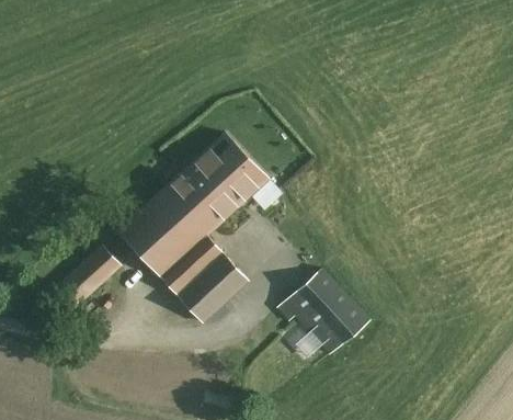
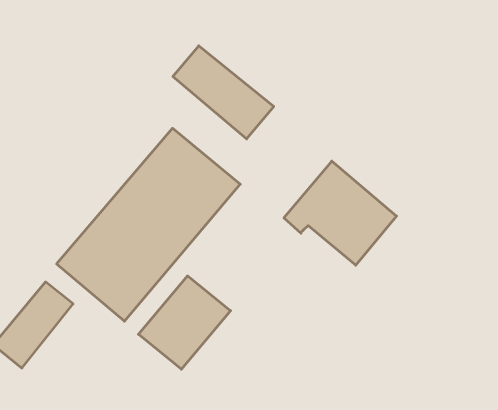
building: none -> [173,46,274,139]
building: [275,266,366,353] -> [284,161,397,265]

